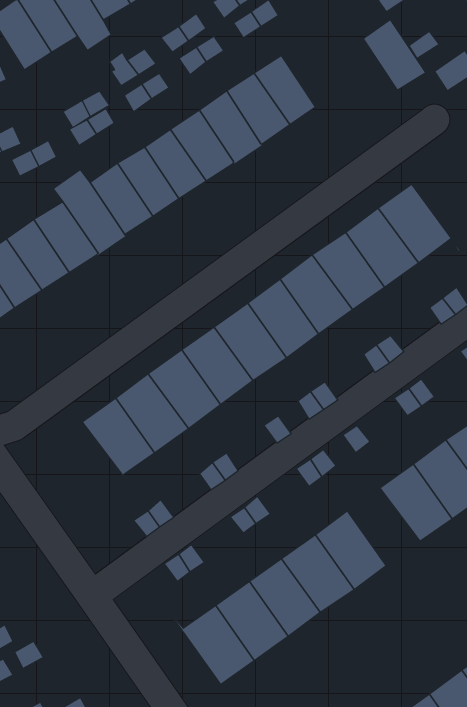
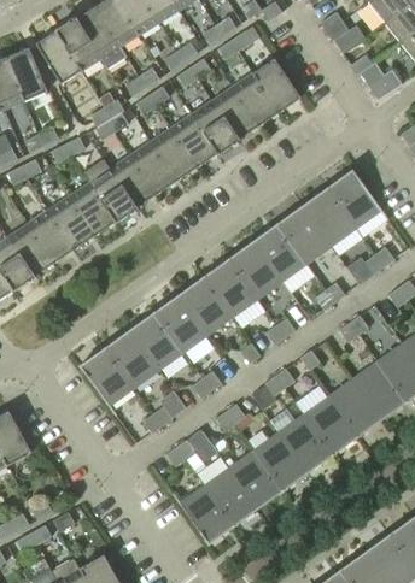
building: [363,19,426,90] -> [253,59,300,112]
building: none -> [78,348,134,416]
building: none -> [303,398,357,455]

